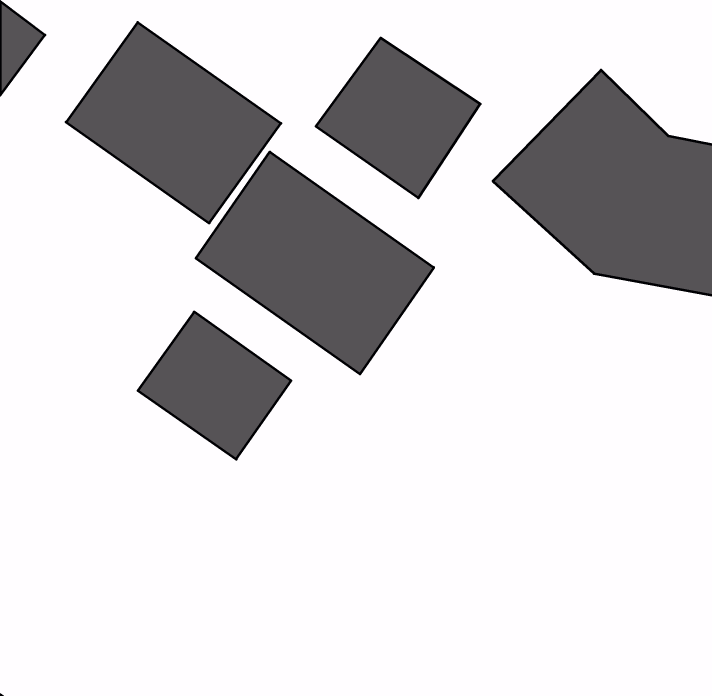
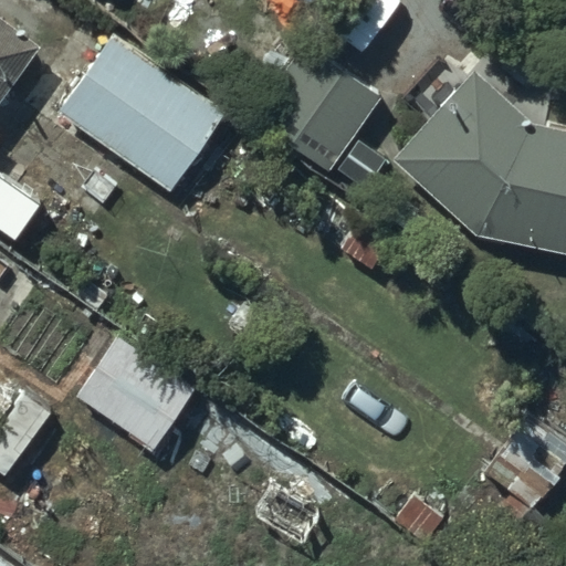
building: [196,152,434,374] -> none
building: [138,312,291,459] -> [74,338,195,454]

